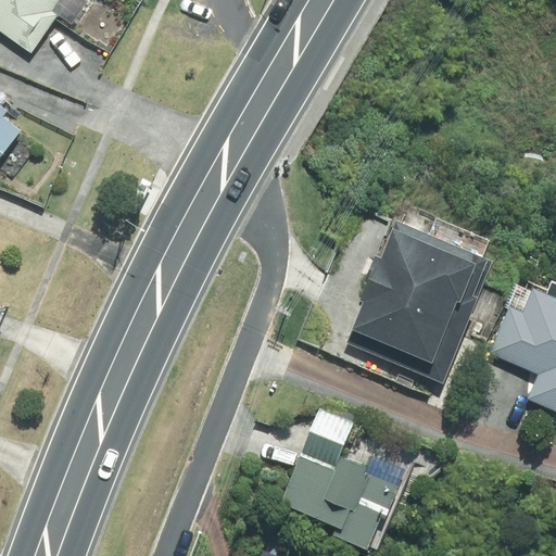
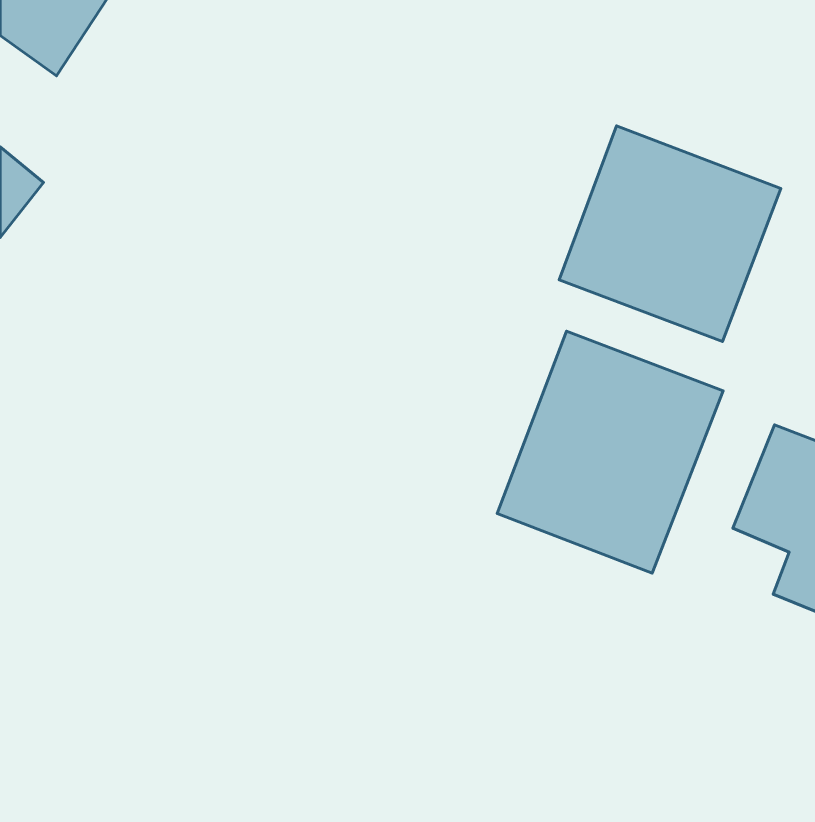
building: none -> [559,126,781,342]
building: [278,400,396,545] -> none

